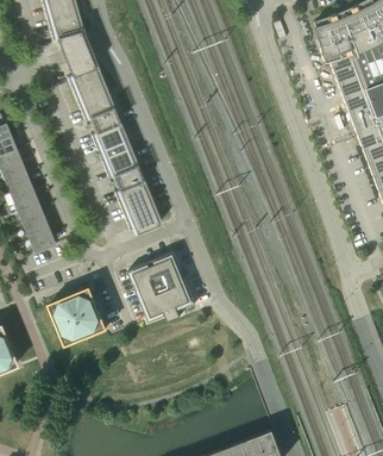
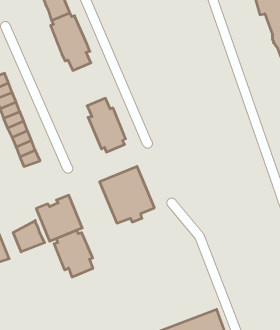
building: [90,123,138,179] -> none
building: none -> [13,220,45,252]
building: none -> [54,230,93,277]

